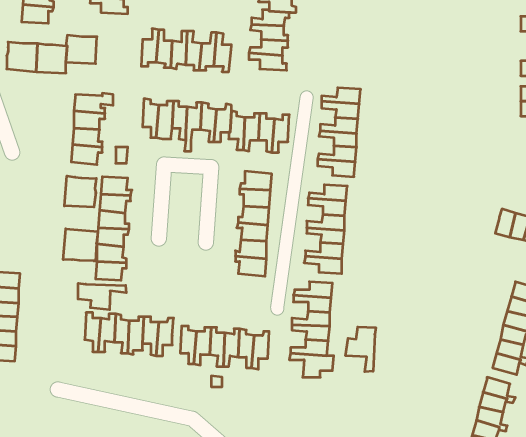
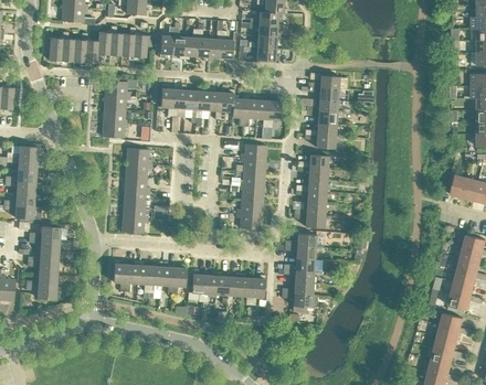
building: none -> [123,33,148,57]
building: [64,176,96,207] -> none
building: [63,229,98,261] -> none
building: [78,283,126,310] -> none
building: [346,327,376,372] -> none

